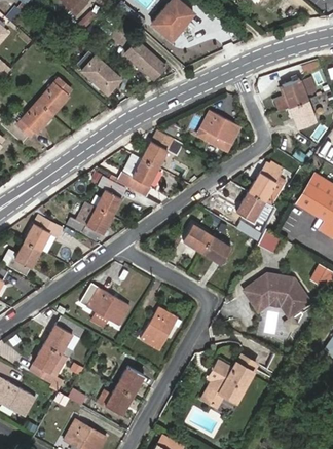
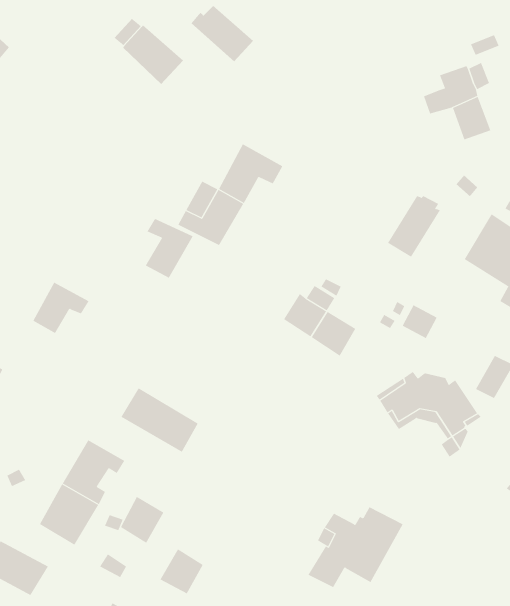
building: [16,78,72,138] -> none
building: [197,111,239,151] -> none
building: [237,193,265,221] -> none
building: [68,208,112,241] -> none
building: [9,242,40,275] -> none
building: [142,308,177,349] -> none
building: [117,367,145,397] -> [120,496,164,543]

